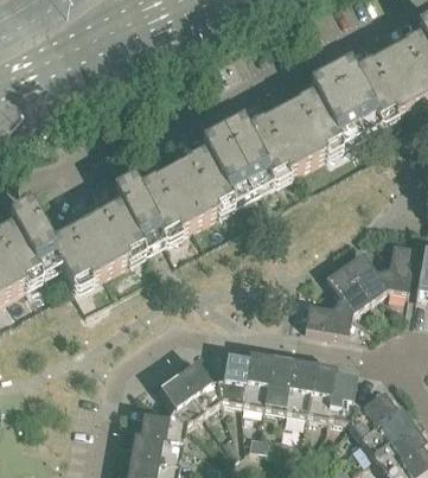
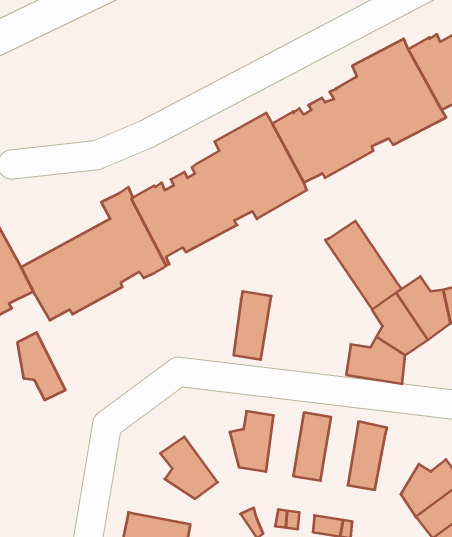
building: none -> [325,221,402,309]
building: none -> [18,332,65,400]
building: [242,351,272,404] -> [234,291,271,360]
building: [285,358,314,412] -> none
building: [178,359,221,409] -> none
building: [327,371,362,419] -> none
building: [139,407,186,442] -> none

